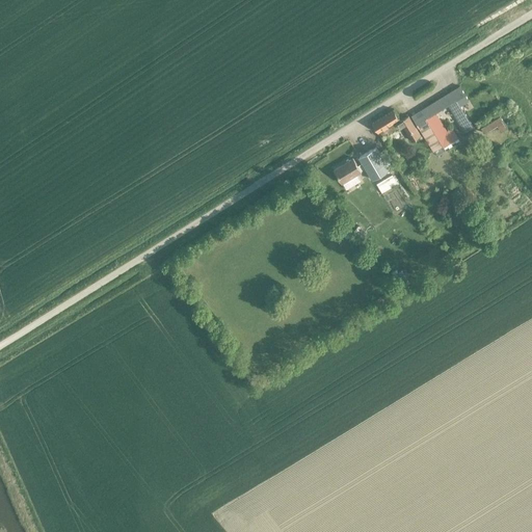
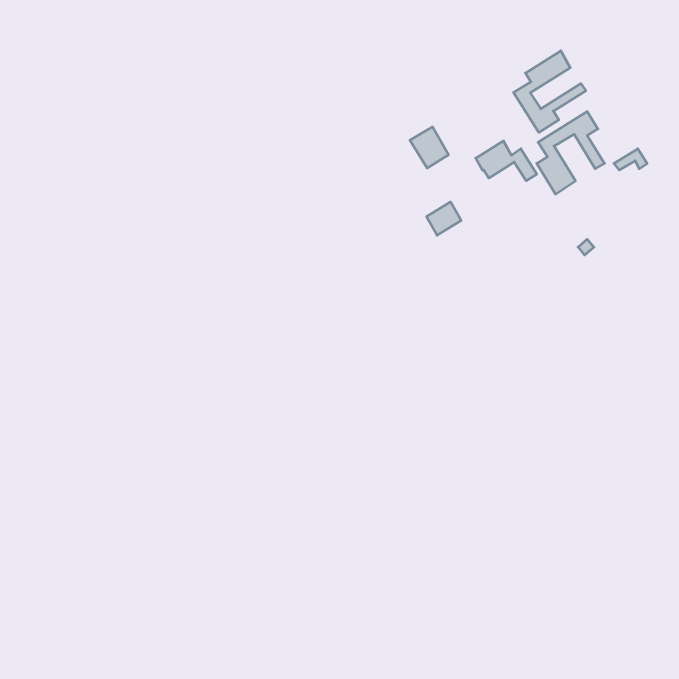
building: none -> [514,51,586,132]
building: [358,148,389,180] -> [410,127,448,168]

